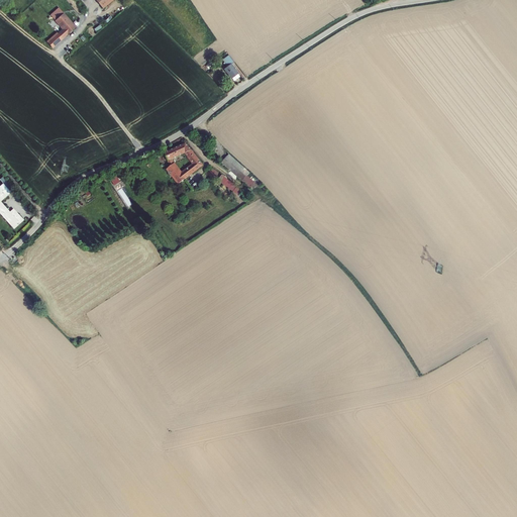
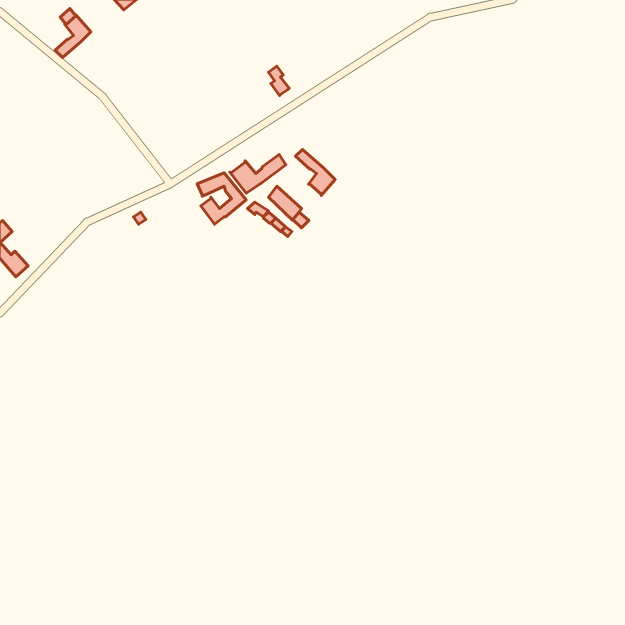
building: none -> [296,149,335,196]
building: none -> [230,155,286,193]

